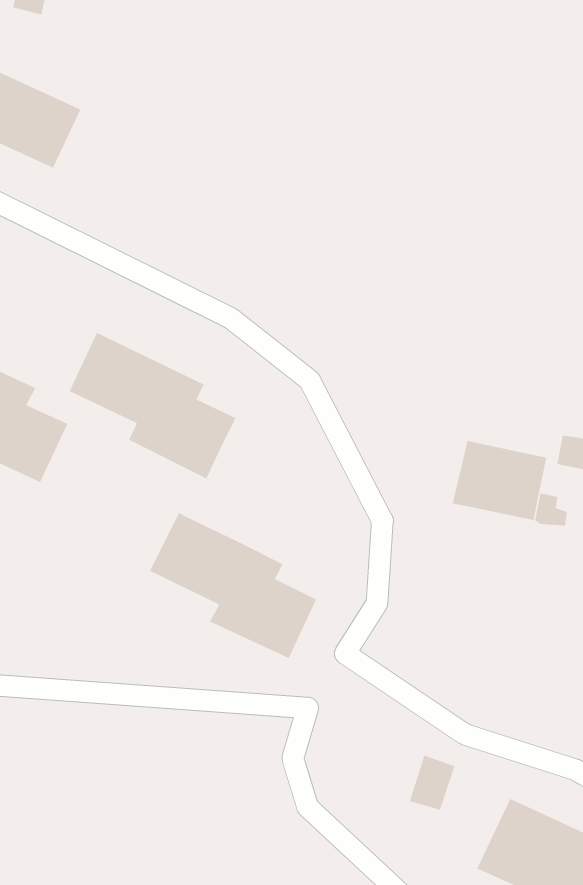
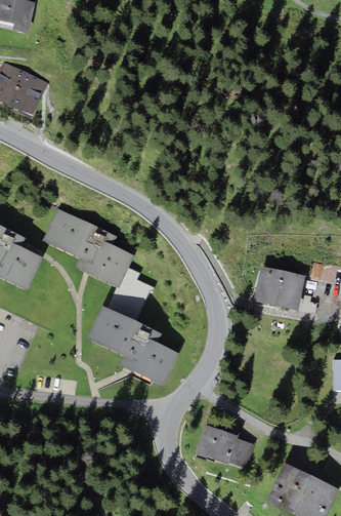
building: none -> [105,268,154,321]
building: none -> [195,425,238,465]

